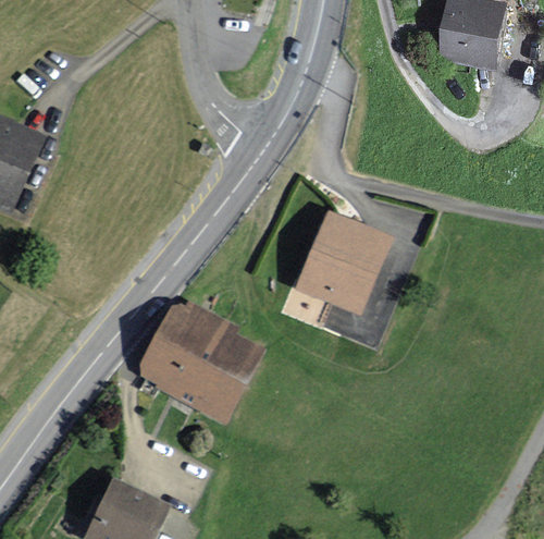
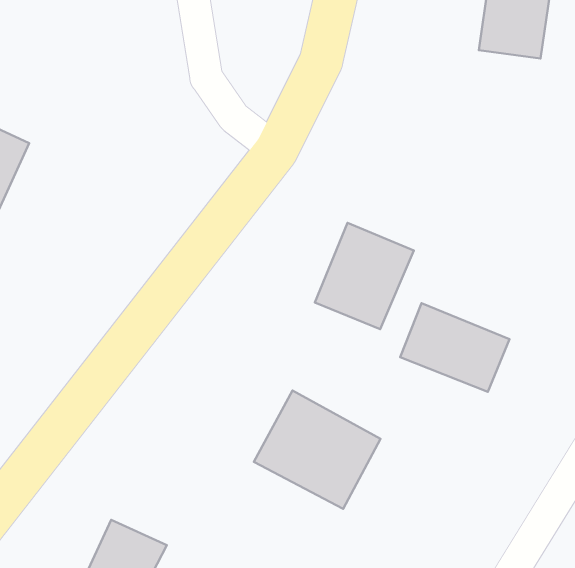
building: none -> [400,303,509,392]
building: [141,306,256,413] -> [254,391,380,509]

